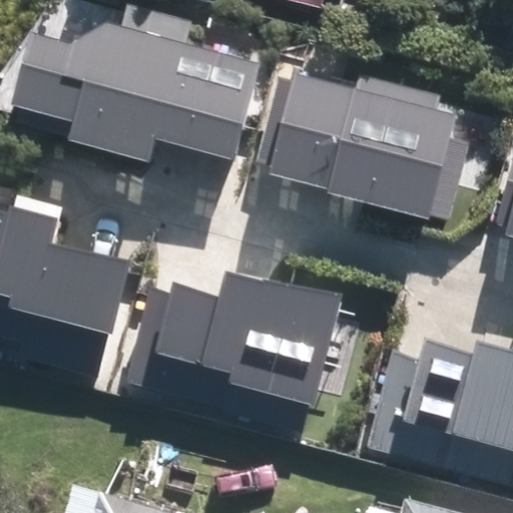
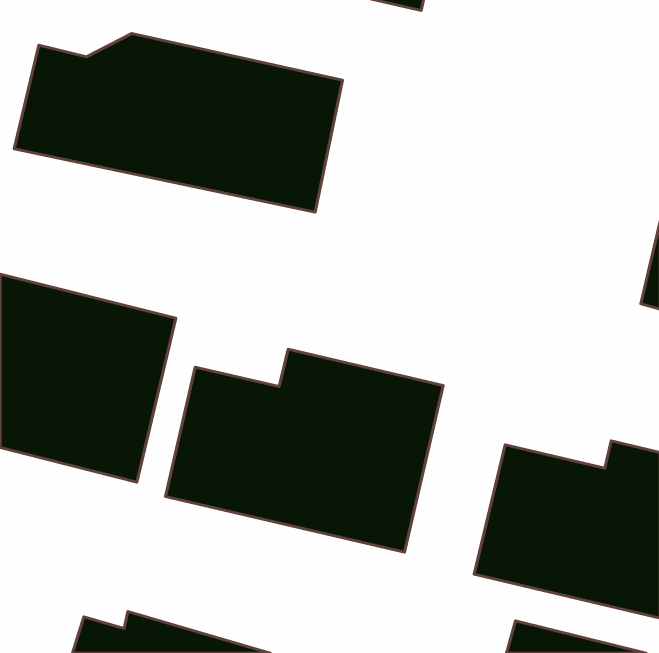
building: [268,75,459,216] -> none

